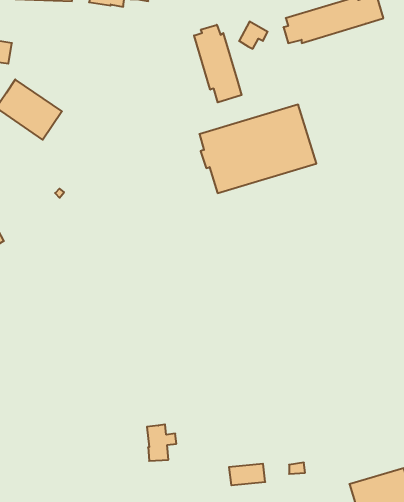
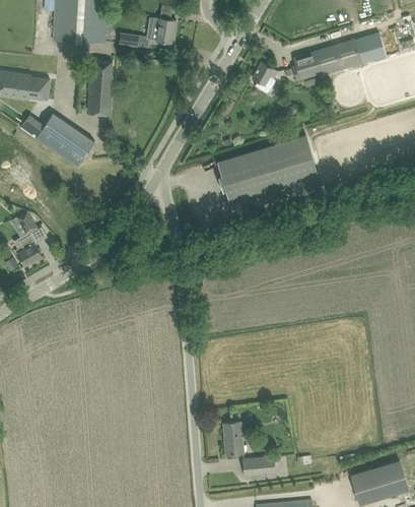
building: none -> [85,61,112,115]
building: [194,25,242,102] -> none
building: [147,424,176,461] -> [223,422,250,454]

